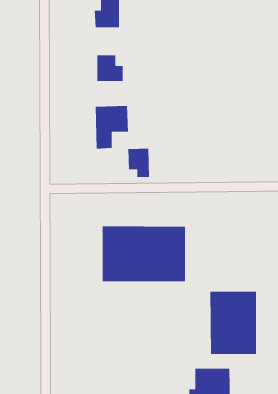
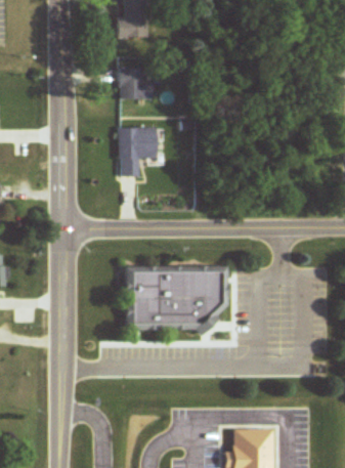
building: [128,148,150,178] -> none
building: [210,291,257,355] -> none

